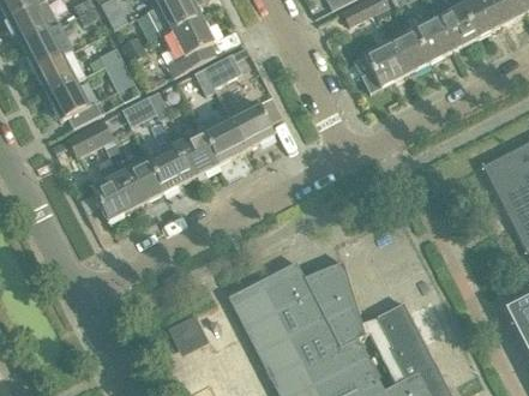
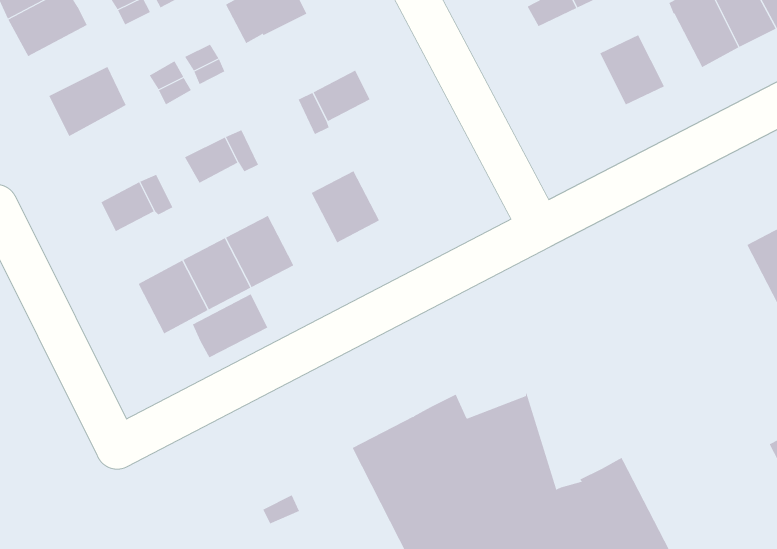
building: [168,16,215,74] -> none
building: [414,16,455,62] -> none
building: [20,23,72,68] -> none
building: [361,41,405,91] -> none
building: [47,79,101,127] -> none
building: [230,102,276,149] -> none
building: [175,131,220,178] -> none
building: none -> [192,294,268,358]

